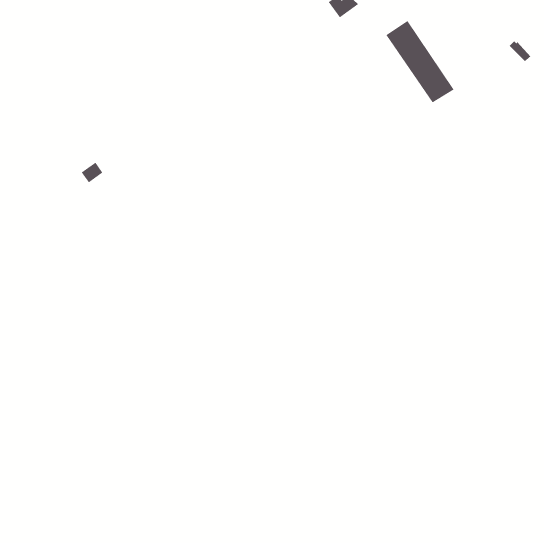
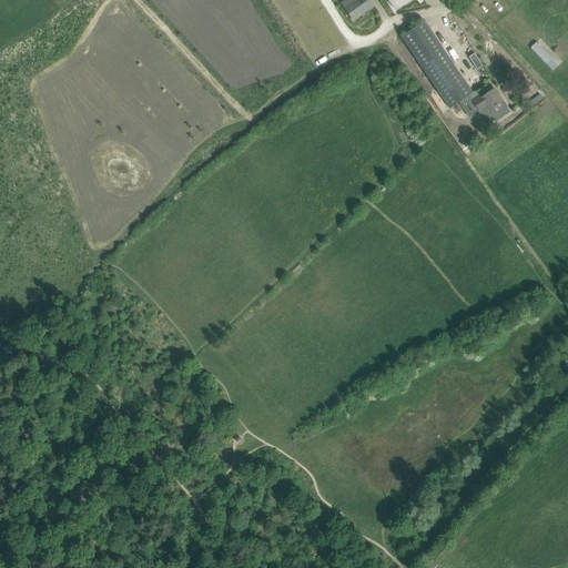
building: none -> [473,88,508,122]

